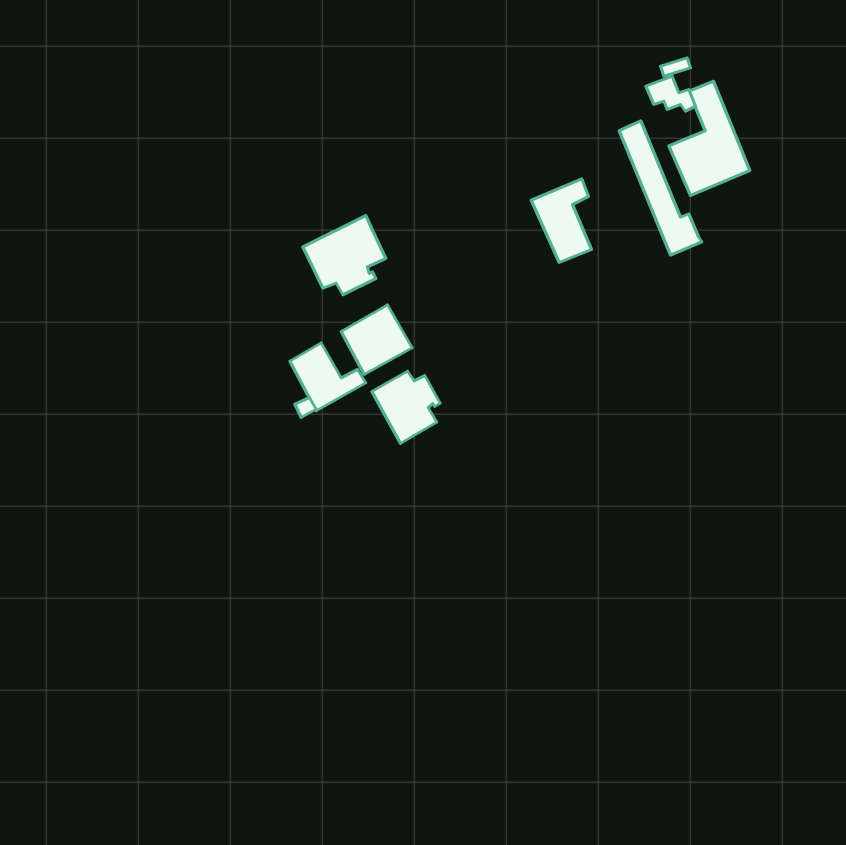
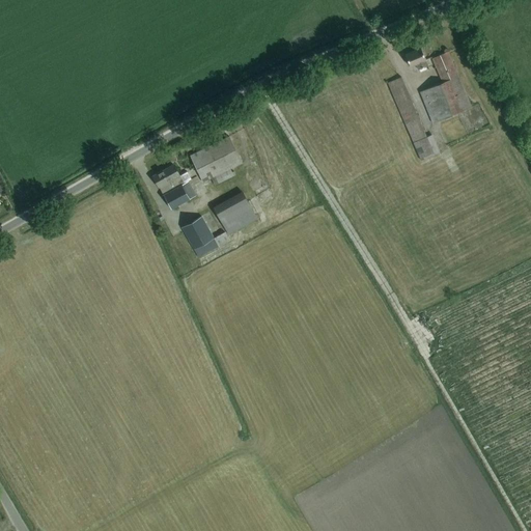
building: [531,179,591,263] -> none
building: none -> [152,164,196,207]
building: [372,371,440,444] -> none

